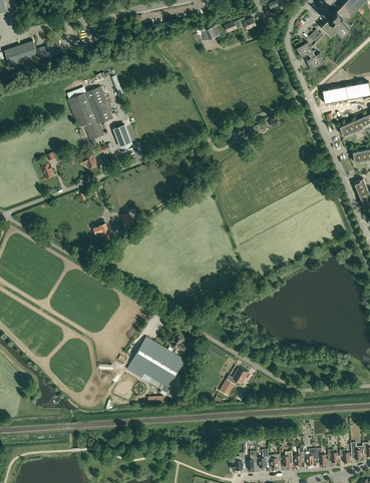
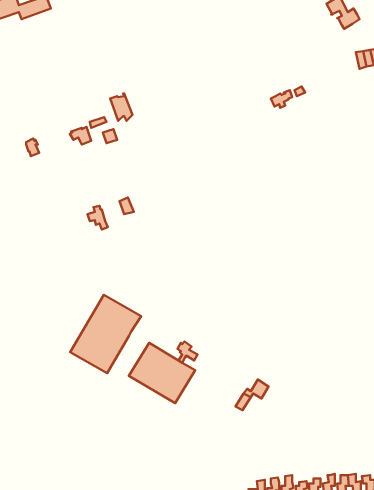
building: [68,87,112,139] -> none
building: none -> [70,295,141,373]

